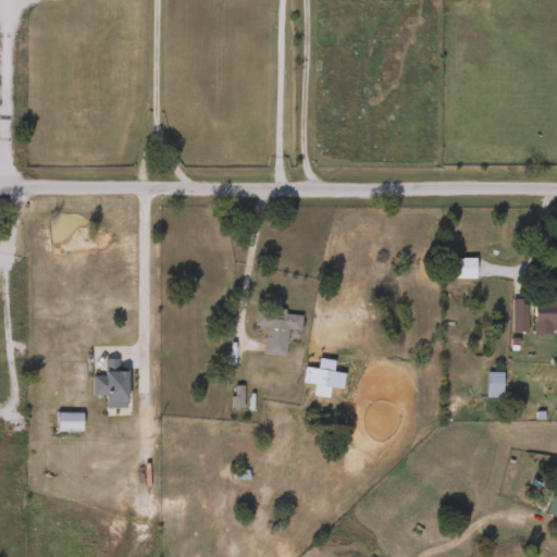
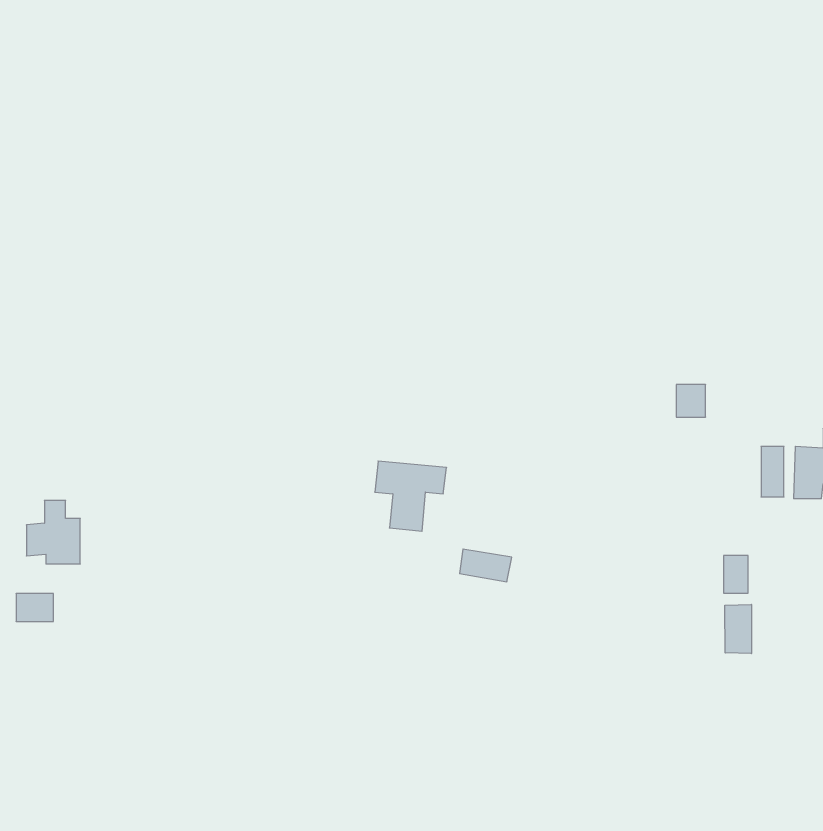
building: [95,359,131,401] -> [26,500,80,564]
building: none -> [725,604,751,654]
building: [60,412,85,431] -> [16,594,53,621]

